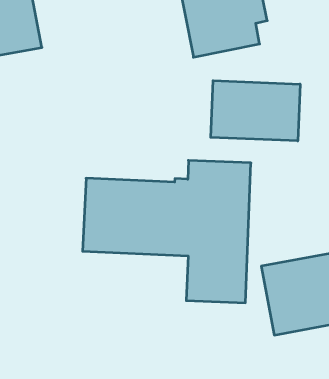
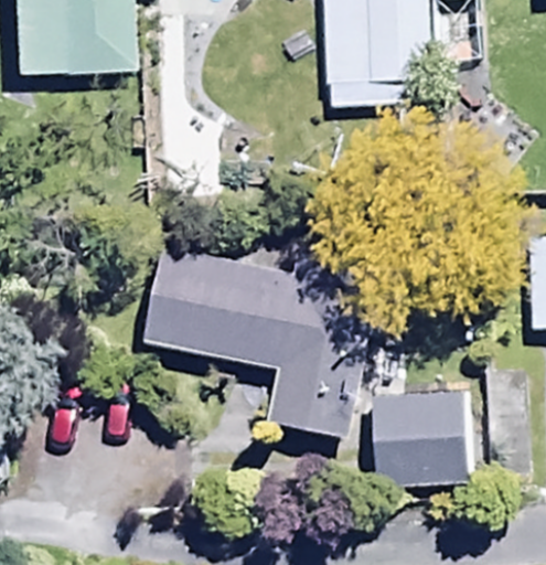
building: [211,81,300,141] -> none

